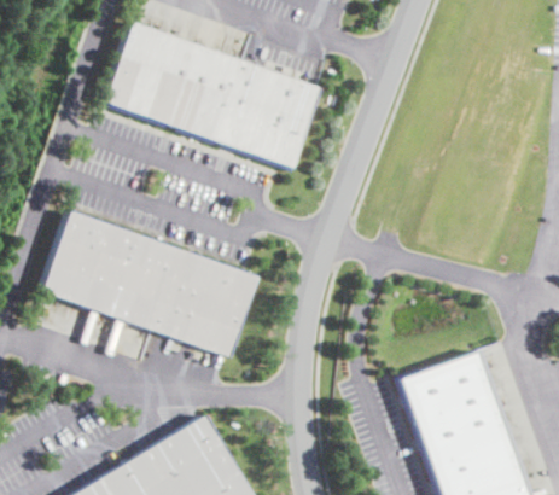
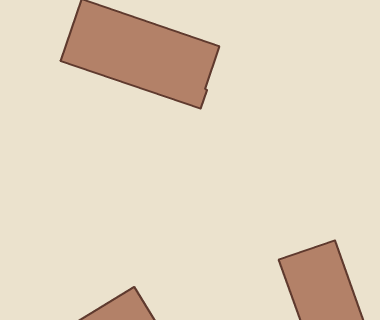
building: [42,211,258,356] -> none

